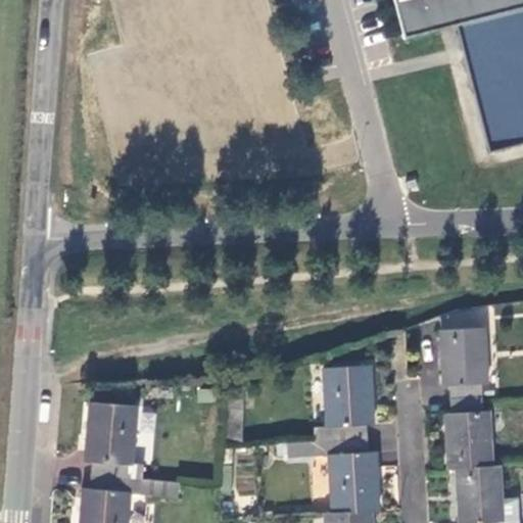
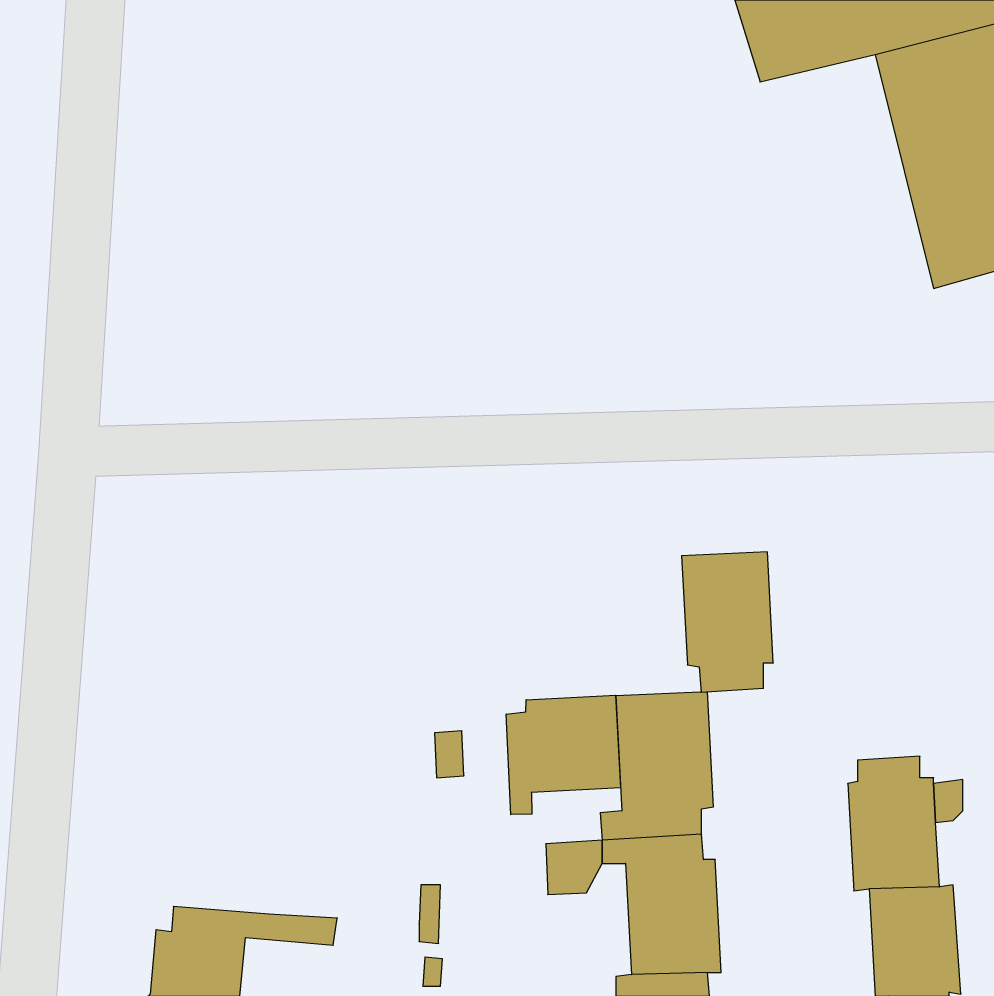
building: [440,325,488,398] -> [682,552,773,692]
building: none -> [506,695,621,815]
building: [85,400,144,479] -> none

